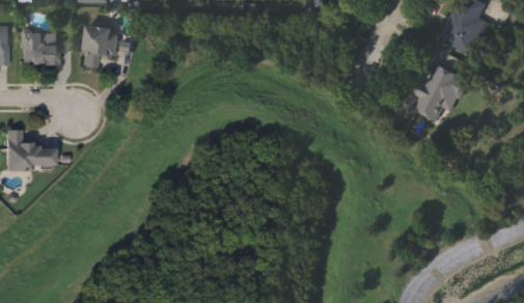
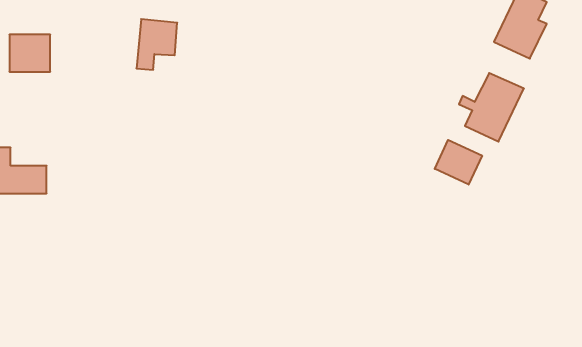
building: [82,26,117,70] -> [136,19,177,70]
building: none -> [435,140,482,185]

